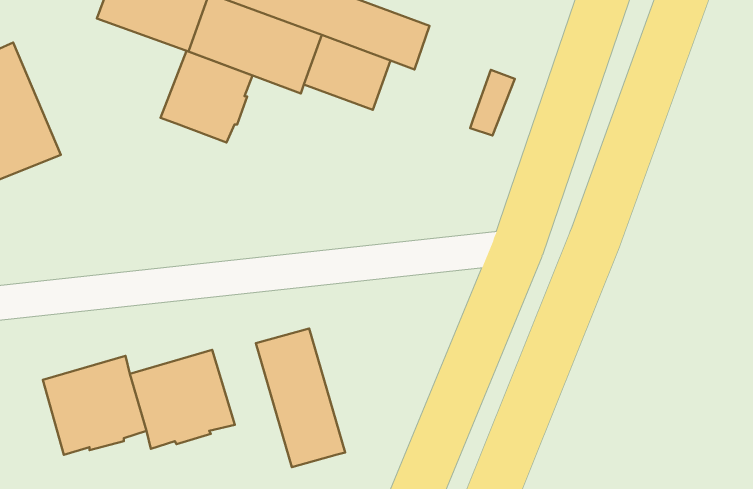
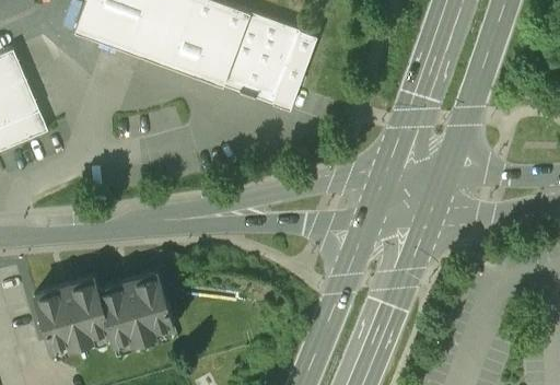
building: [160,51,252,143] -> none
building: [470,70,515,136] -> [272,63,305,112]
building: [256,329,345,467] -> none

